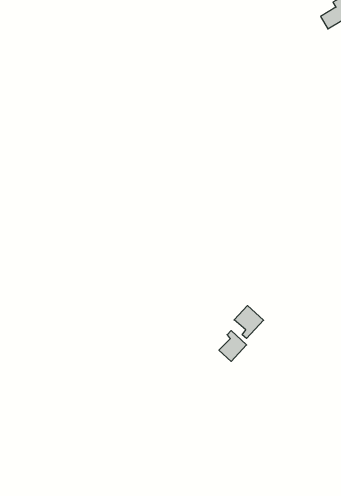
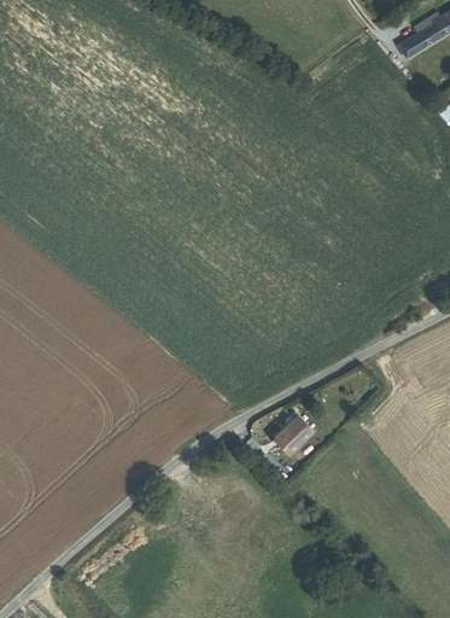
building: [234,306,264,338] -> none

